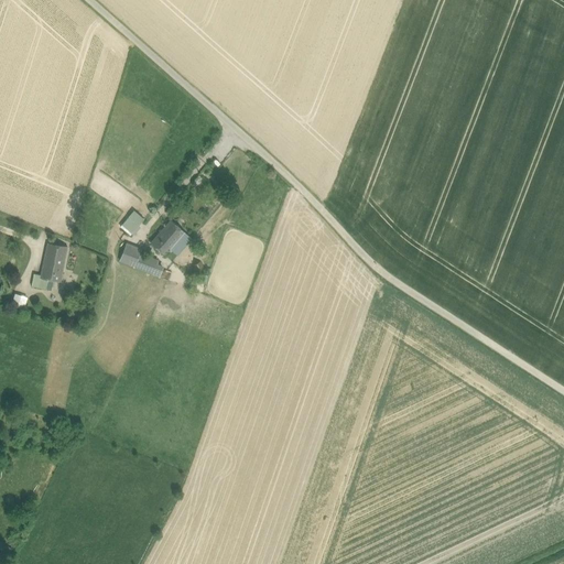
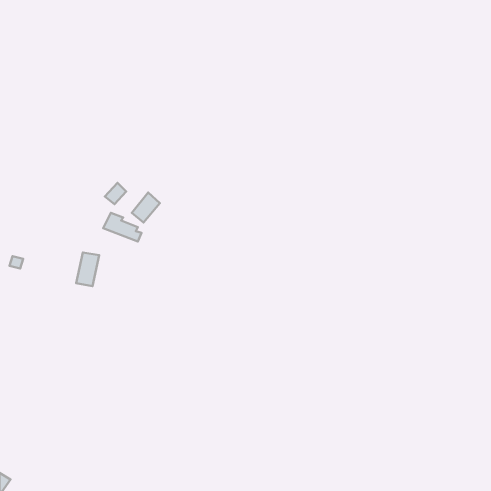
building: [40,245,66,283] -> [76,252,99,286]

